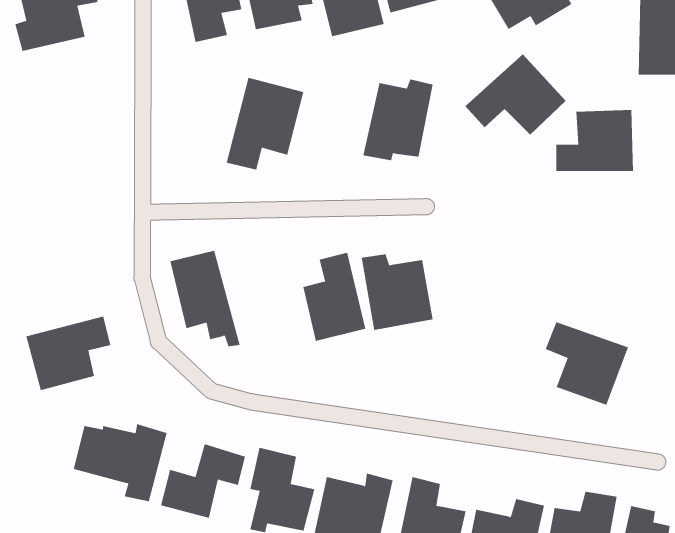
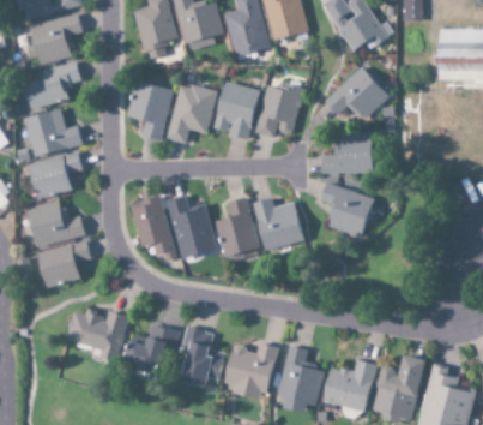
building: none -> [25,61,83,109]
building: none -> [128,79,174,140]
building: none -> [213,80,260,138]
building: [556,110,634,172] -> [322,132,374,173]
building: none -> [26,108,83,156]
building: none -> [30,151,83,198]
building: none -> [168,197,217,258]
building: none -> [28,199,85,247]
building: [545,322,629,406] -> [320,181,375,237]

